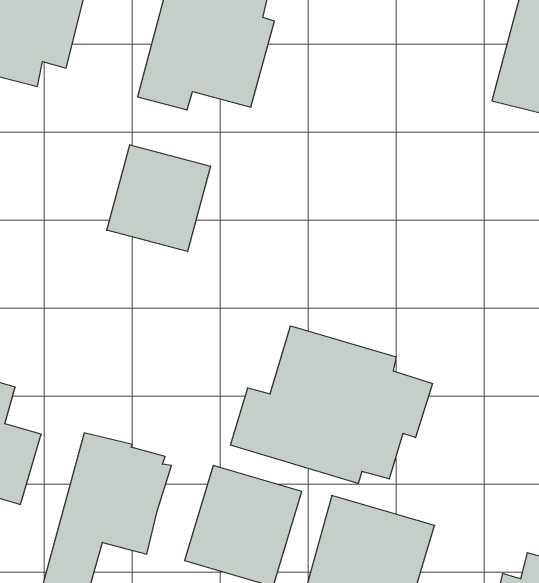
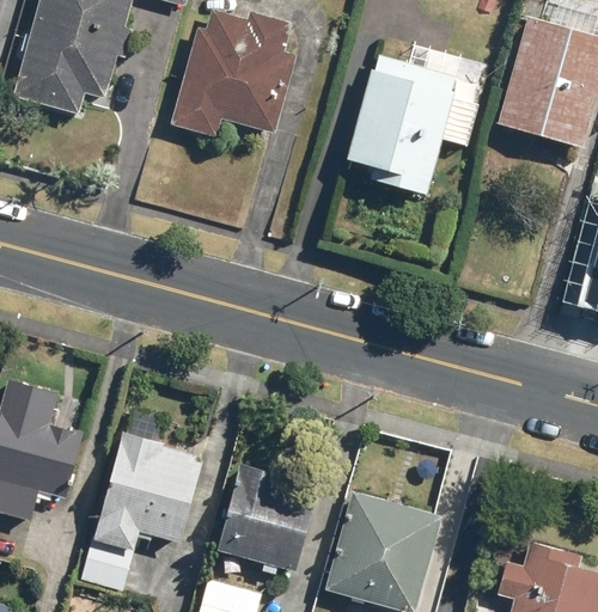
building: none -> [344,54,454,197]
building: [107,145,211,252] -> none
building: [230,326,432,483] -> none

